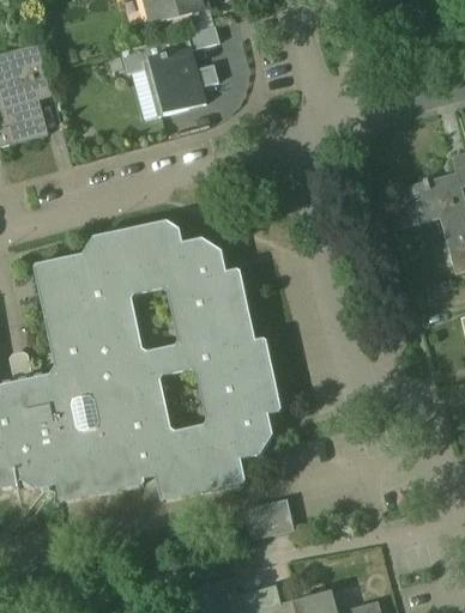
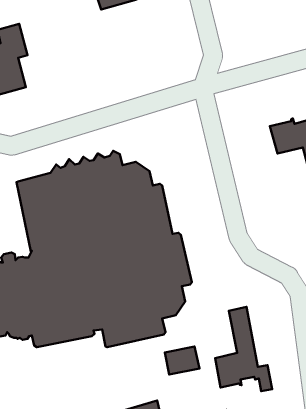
building: [120,25,218,114] -> none
building: none -> [215,307,272,391]

